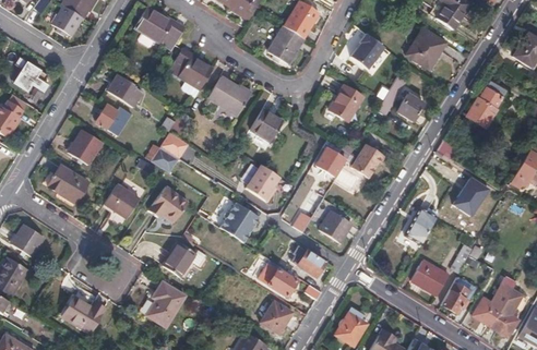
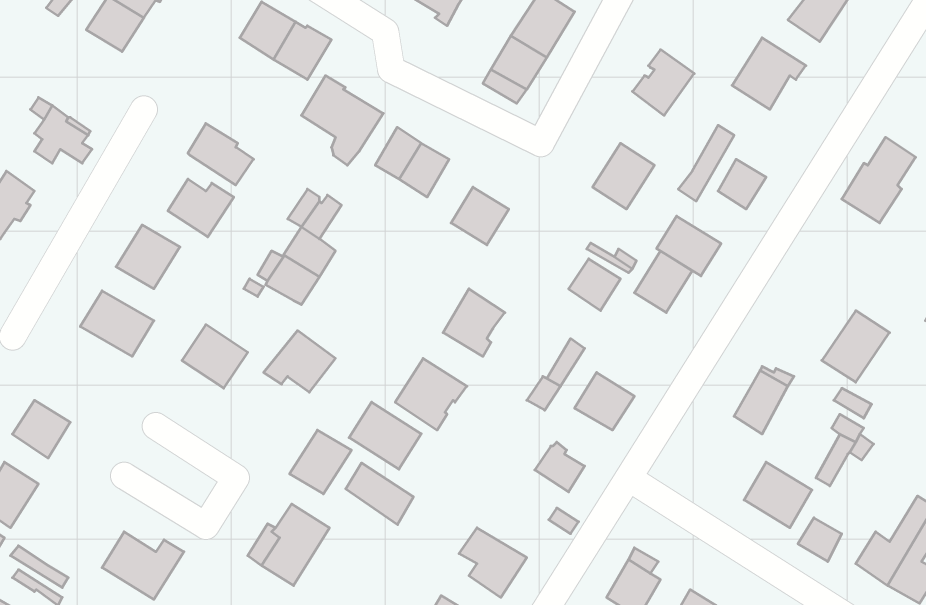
building: none -> [657,216,721,276]
building: none -> [349,402,421,469]
building: [259,262,296,295] -> [346,463,413,525]

